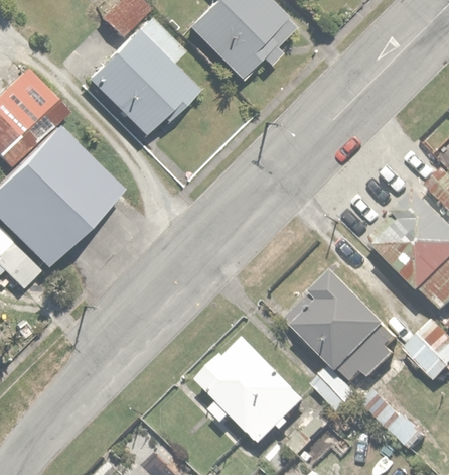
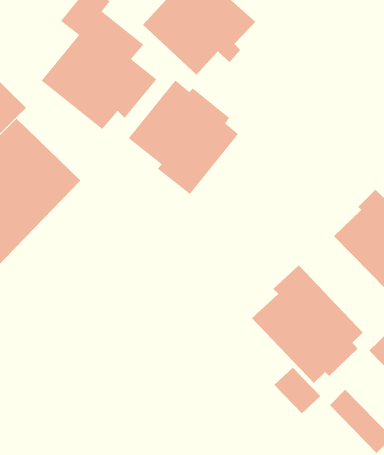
building: none -> [128,79,239,195]
building: [195,338,306,444] -> none

